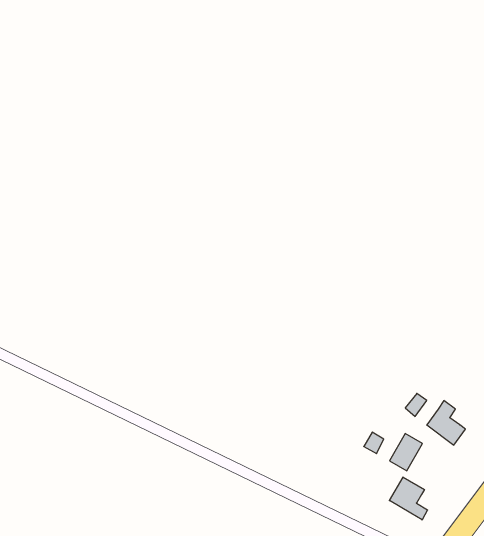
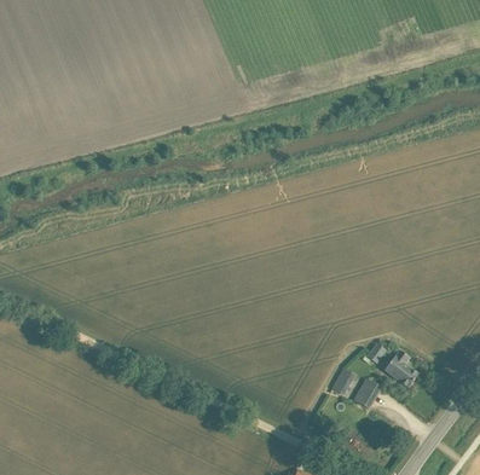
building: [389,477,428,520] -> none

